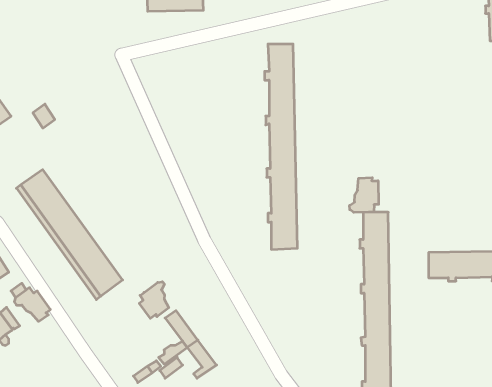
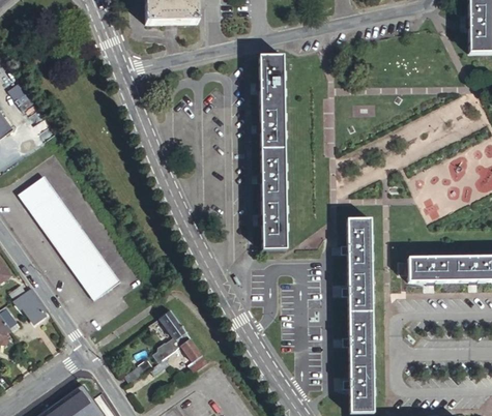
building: [350,178,379,212] -> none
building: [139,282,169,318] -> none

